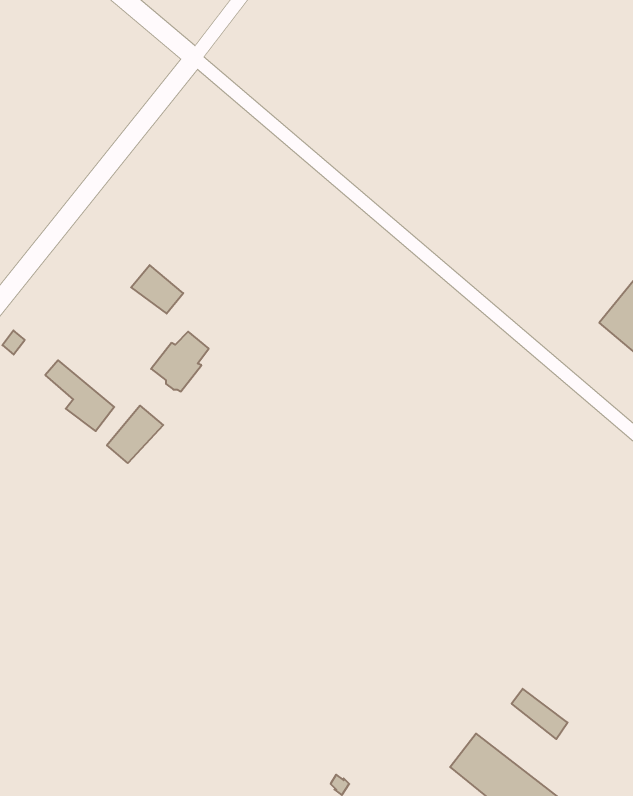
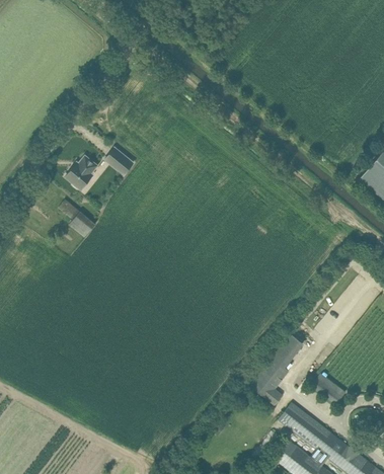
building: [151,332,209,391] -> [65,156,96,188]
building: [107,406,163,463] -> none
building: none -> [250,333,298,404]

